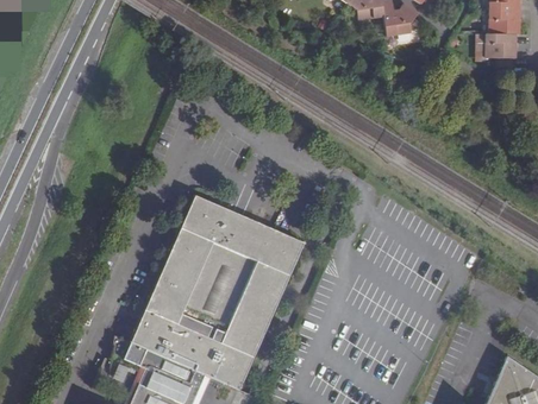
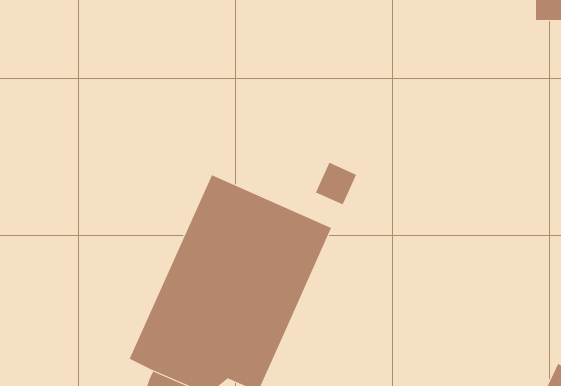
building: none -> [315,162,357,205]

